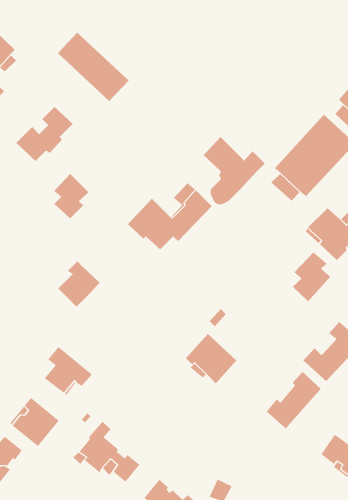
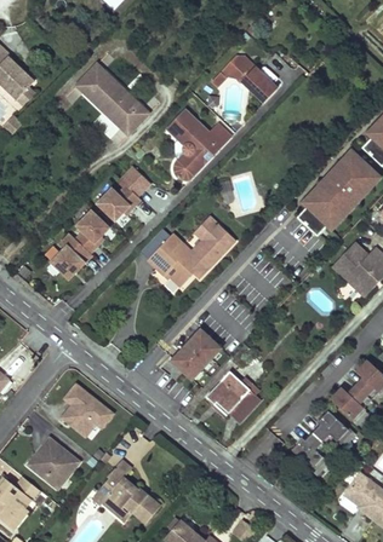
building: none -> [212,56,278,102]
building: [15,106,74,162] -> [92,165,152,221]
building: [203,136,266,205] -> [167,109,231,179]
building: [292,251,331,302] -> none
building: [58,260,100,307] -> [47,232,91,281]
building: none -> [167,327,221,381]

